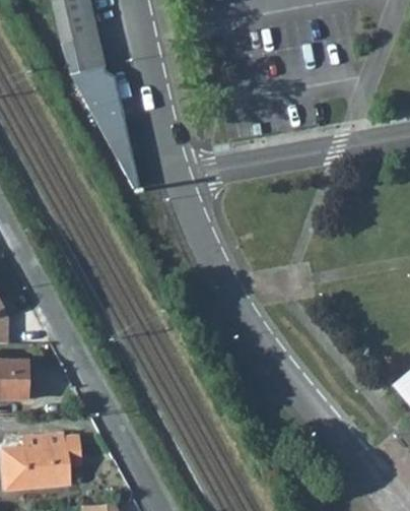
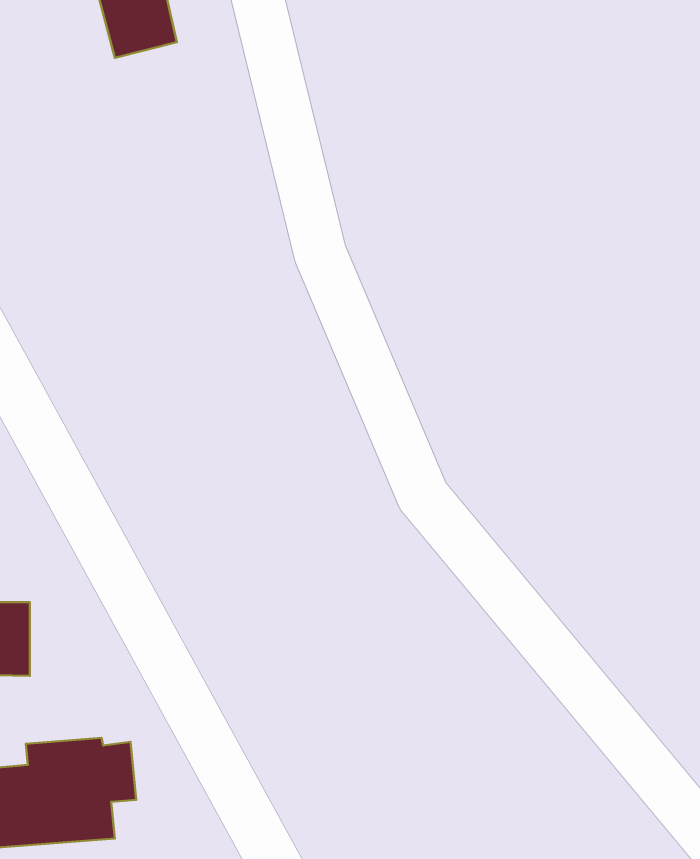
building: [70,66,138,188] -> none

